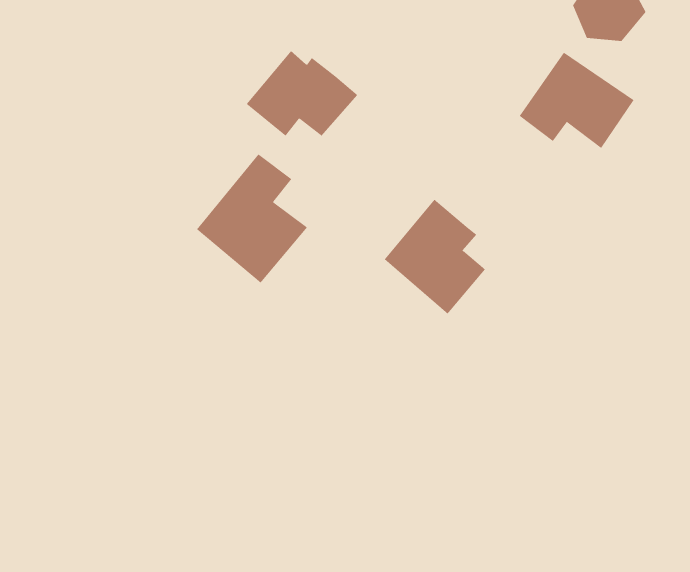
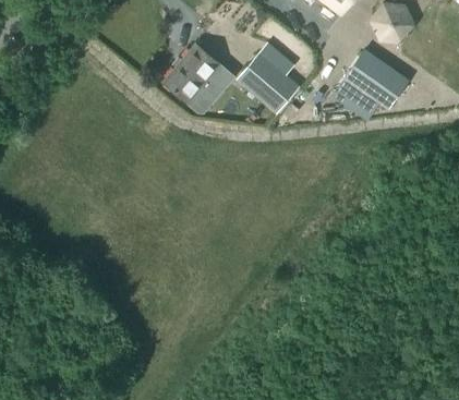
building: [196,154,308,283] -> none
building: [384,199,486,314] -> [237,41,301,114]

